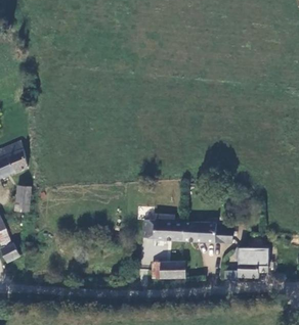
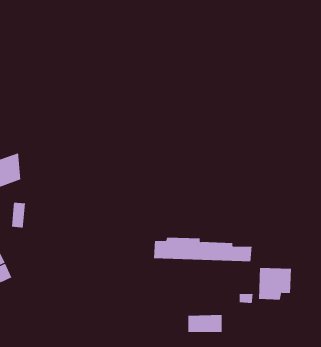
building: [154,262,185,278] -> [188,314,223,332]

